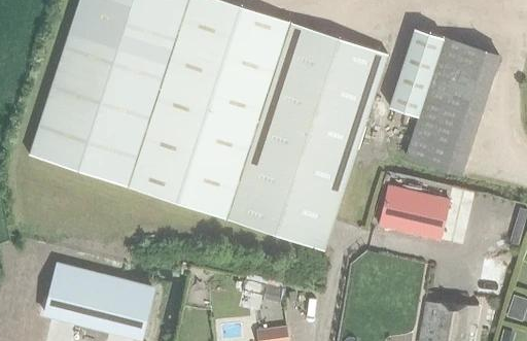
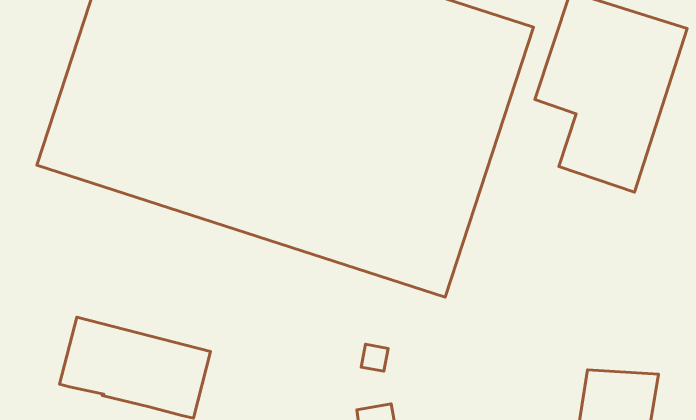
building: [377,183,447,238] -> none

